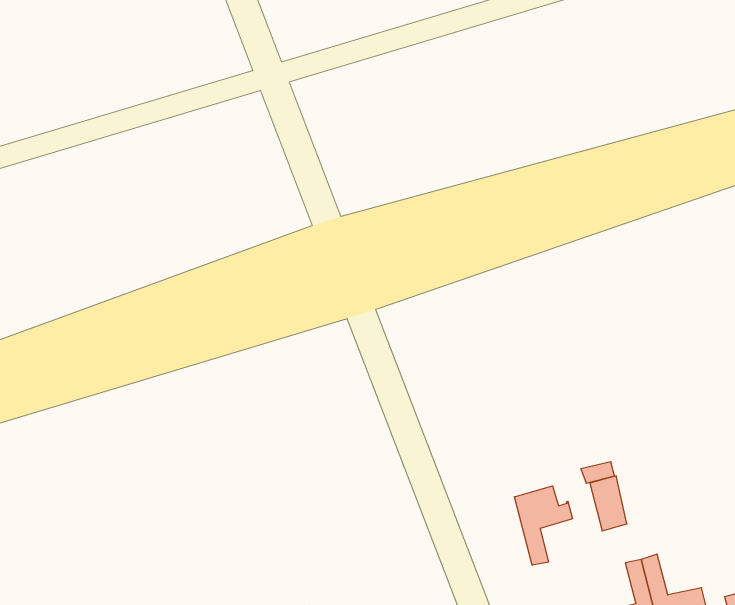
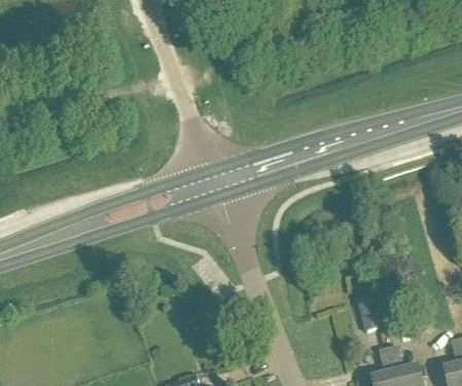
building: [514,486,573,565] -> none

